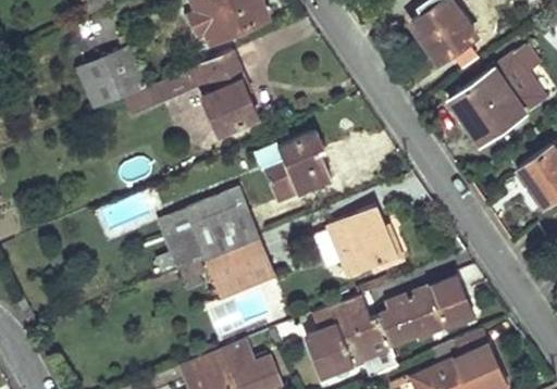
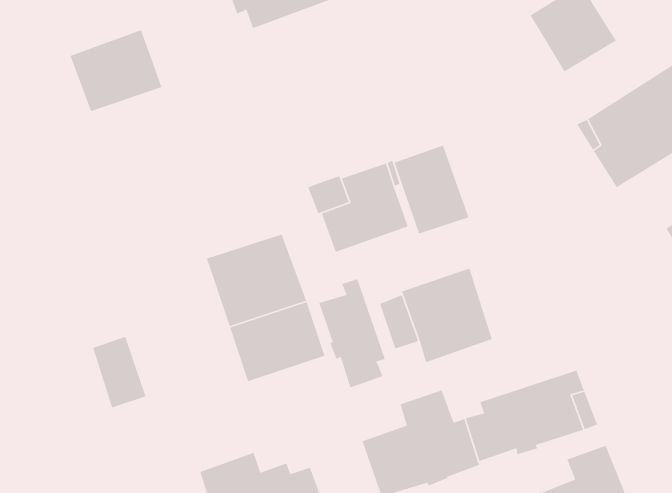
building: [146,51,257,135] -> none
building: none -> [394,144,470,234]
building: [162,215,203,268] -> [92,336,147,409]
building: none -> [318,278,386,389]

